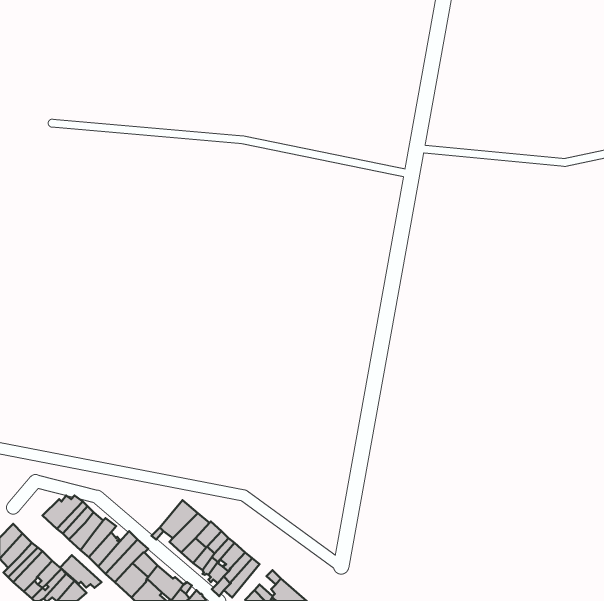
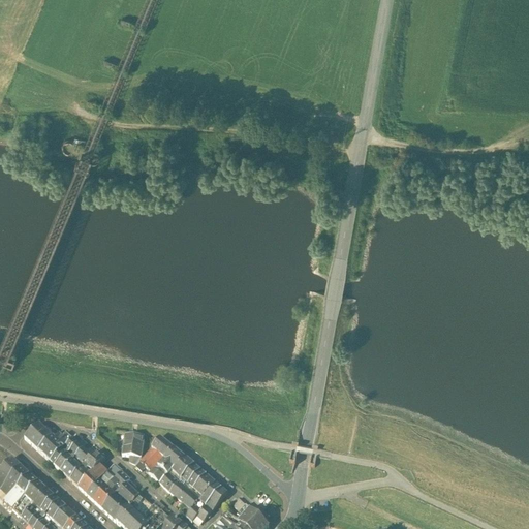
building: none -> [24,422,52,449]
building: none -> [121,432,143,456]
building: [60,555,102,588] -> none

